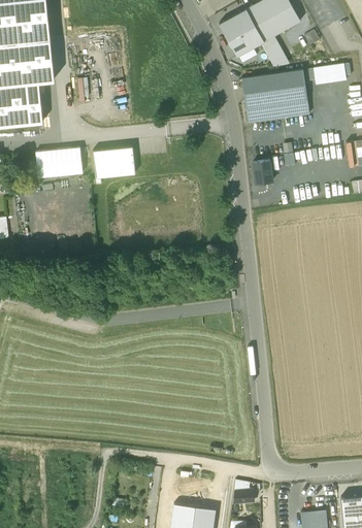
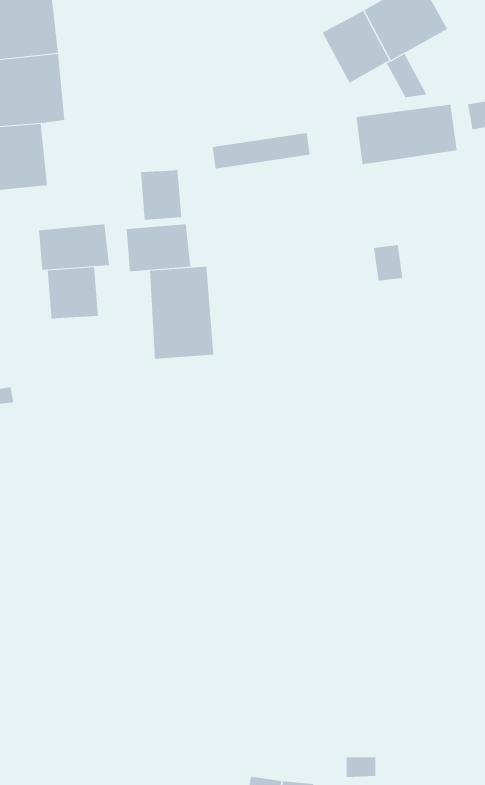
building: [245,100,309,124] -> [212,132,311,169]
building: none -> [141,169,182,220]
building: none -> [150,266,214,360]
building: none -> [47,266,98,320]

